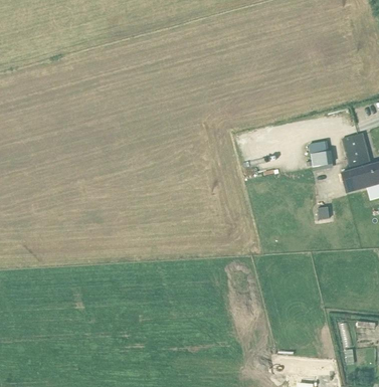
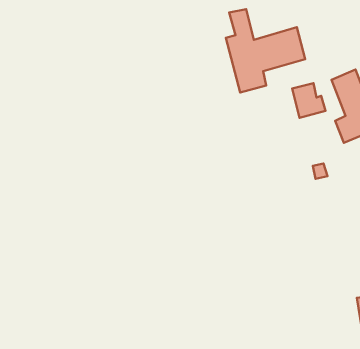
building: none -> [226,9,305,93]

